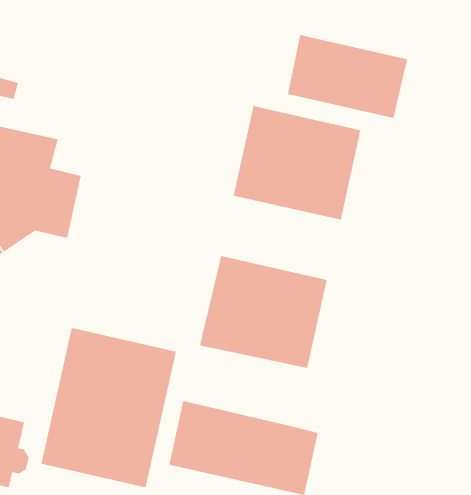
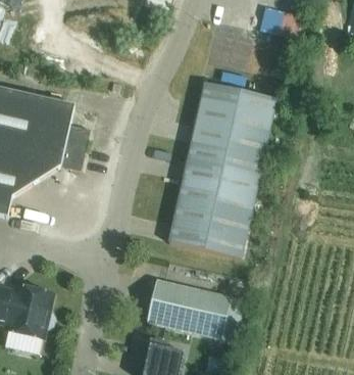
building: [287,35,408,119] -> [183,142,263,198]
building: [41,327,177,488] -> none

